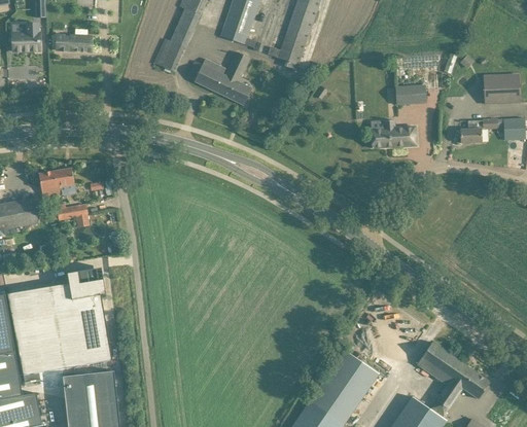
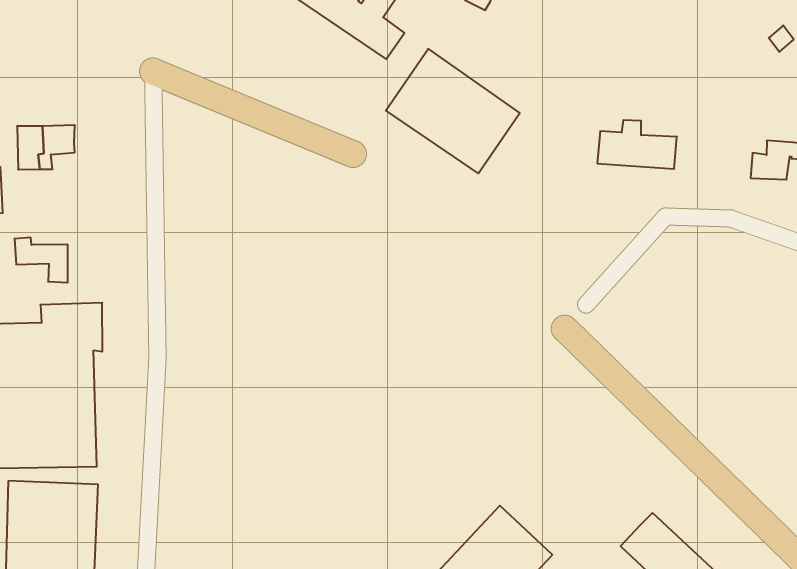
building: [395,84,426,104] -> none
building: none -> [386,49,520,173]
building: [56,203,90,226] -> [14,238,68,283]

